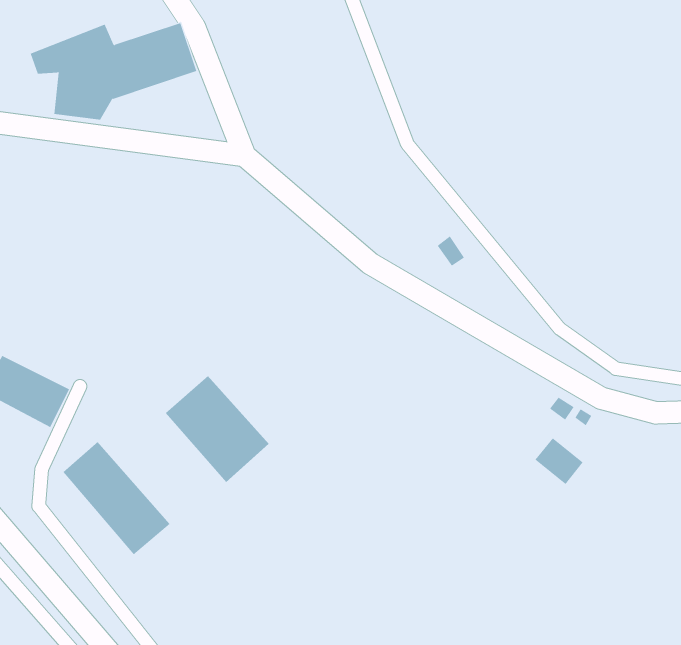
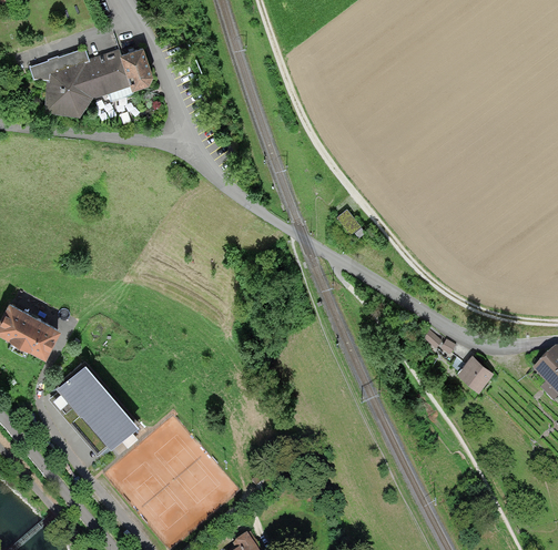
building: [165,375,269,483] -> none
building: [535,437,583,485] -> [456,354,493,389]

